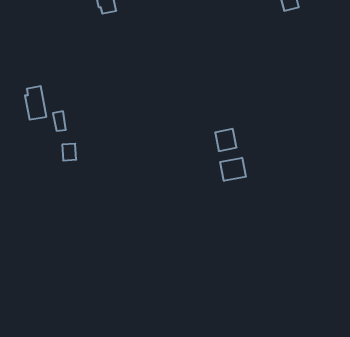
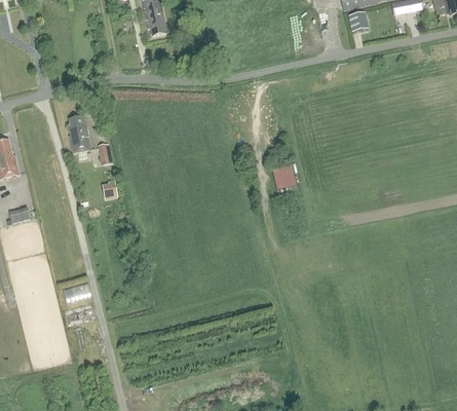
building: [220,158,246,181] -> none

